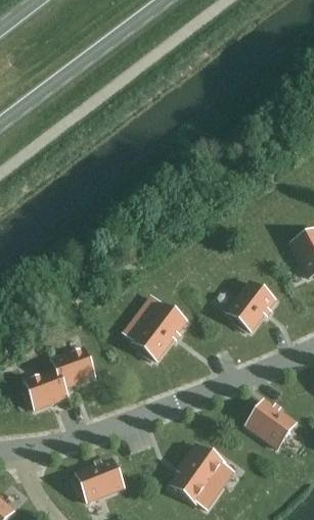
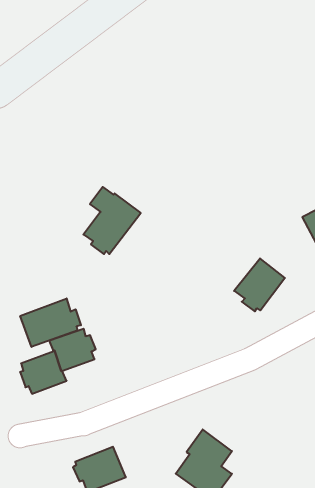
building: [131,296,185,360] -> [83,187,141,254]
building: none -> [20,298,81,347]
building: [245,399,295,447] -> none

